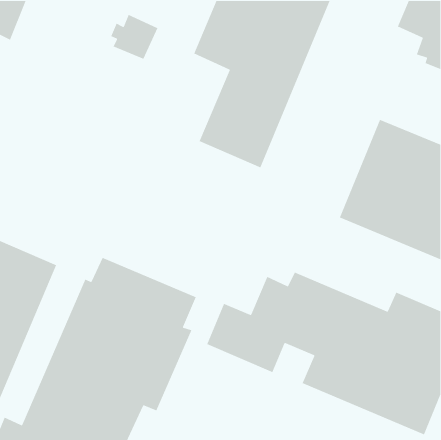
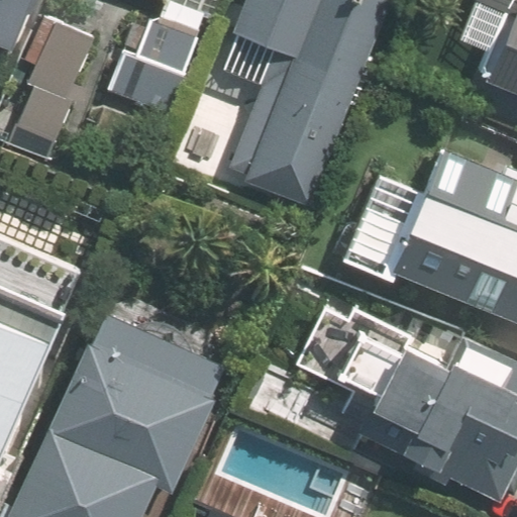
building: none -> [8,16,95,161]

